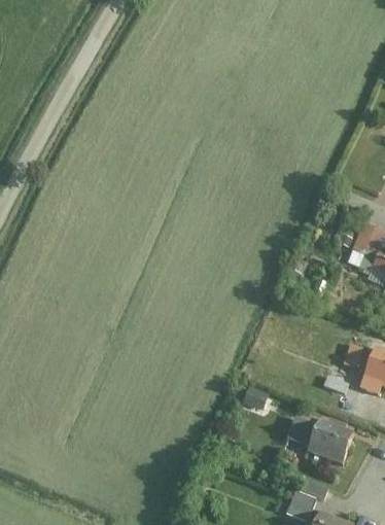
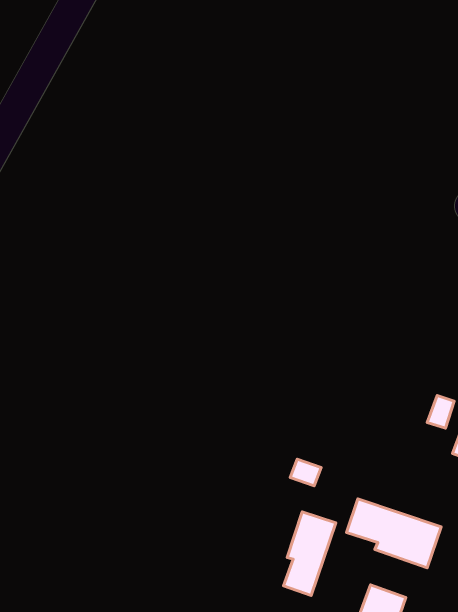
building: none -> [284,512,336,595]

